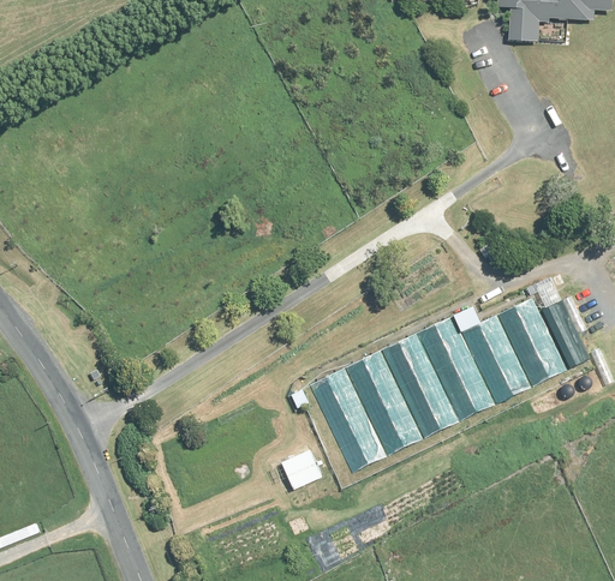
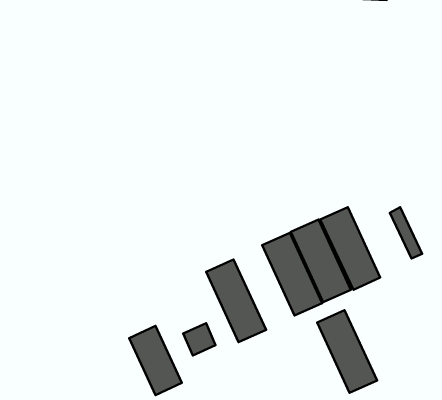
building: [492,284,568,390] -> none
building: [346,352,422,456] -> [317,310,377,393]
building: none -> [129,326,182,395]

